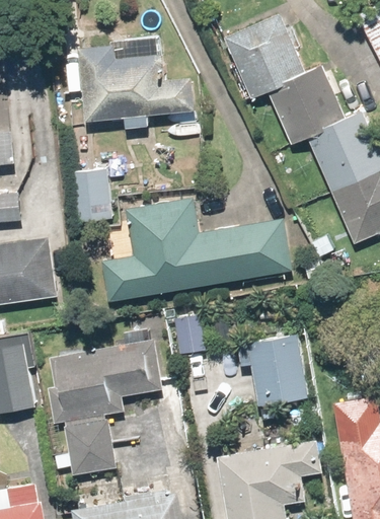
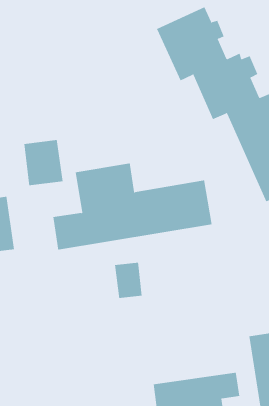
building: [78,45,192,132] -> none
building: [237,332,306,405] -> none
building: [51,340,163,474] -> none

